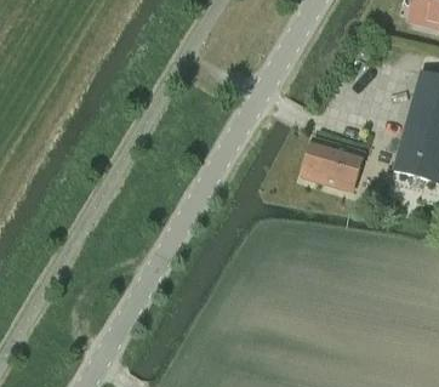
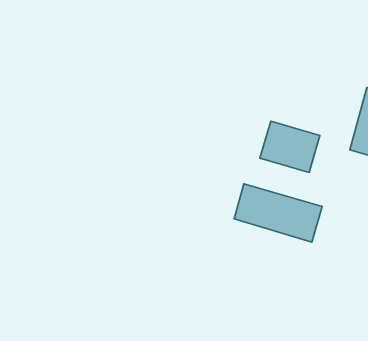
building: none -> [234,184,322,242]

